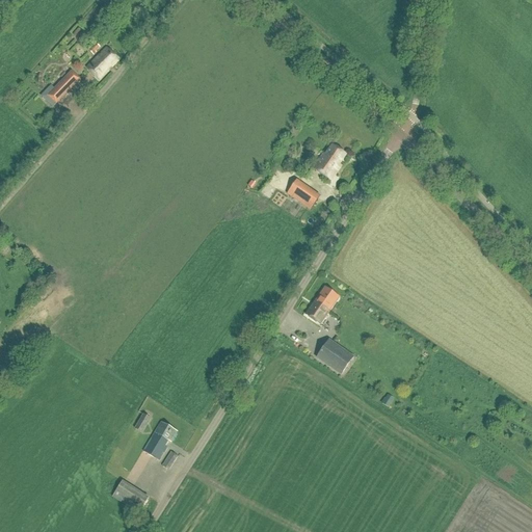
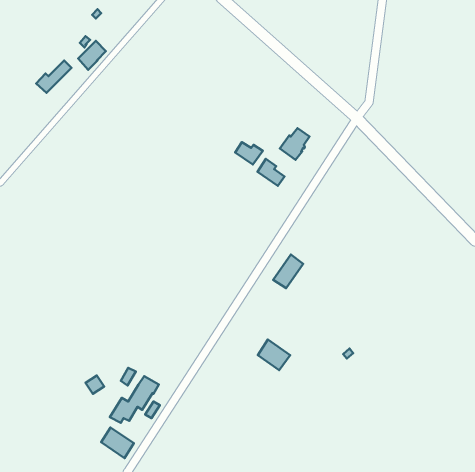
building: none -> [235,142,263,165]
building: [317,338,353,372] -> [258,339,290,370]

